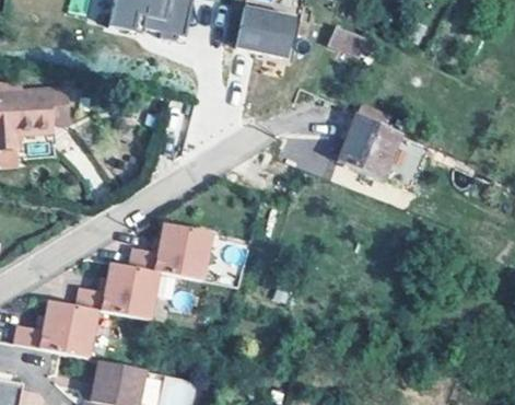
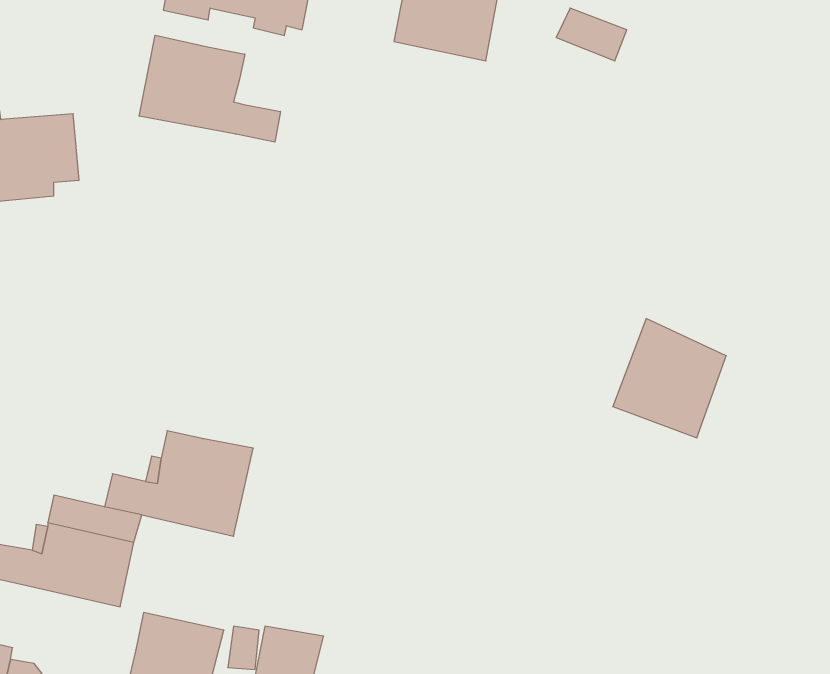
building: none -> [139,35,280,142]
building: [337,112,400,178] -> [613,319,726,438]
building: [130,223,213,282] -> none

